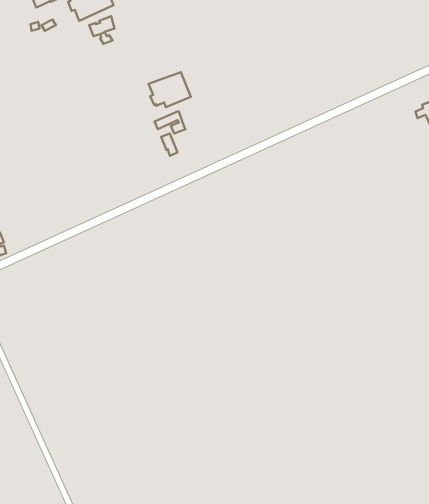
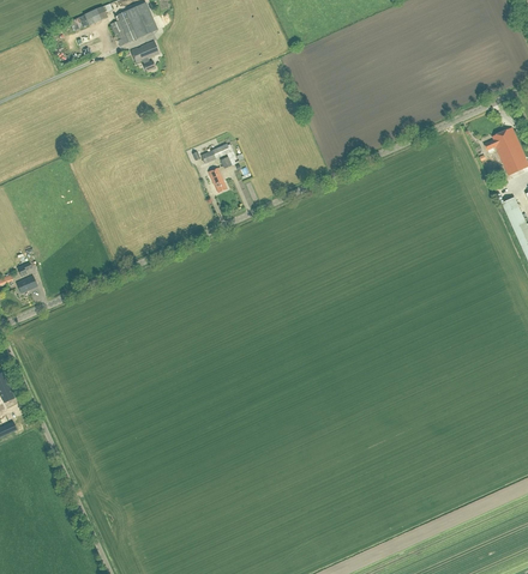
building: [149,72,191,107] -> none

